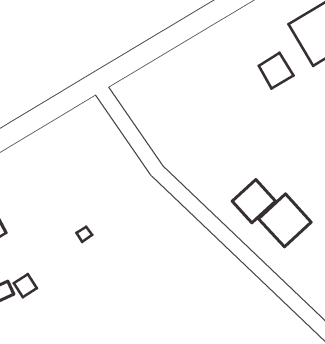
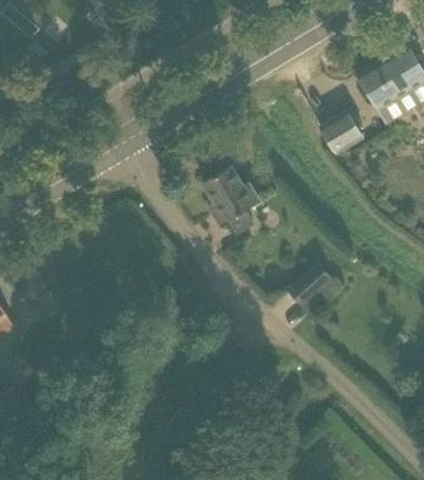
building: none -> [202,165,259,232]
building: [258,194,311,247] -> none

